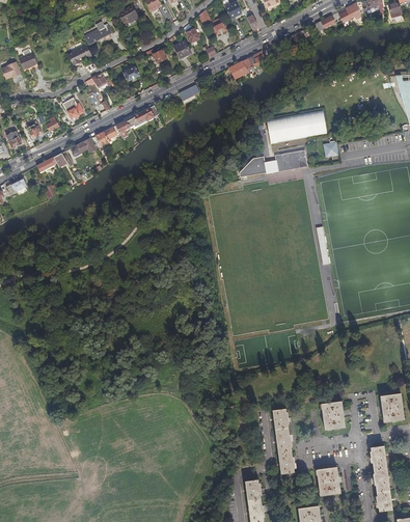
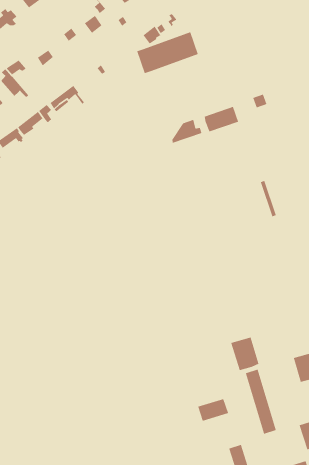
building: [267,110,327,144] -> [136,31,199,74]
building: none -> [230,336,260,371]
building: none -> [197,398,229,422]

